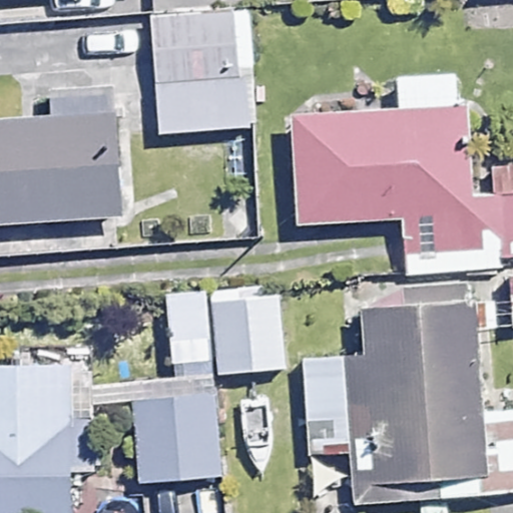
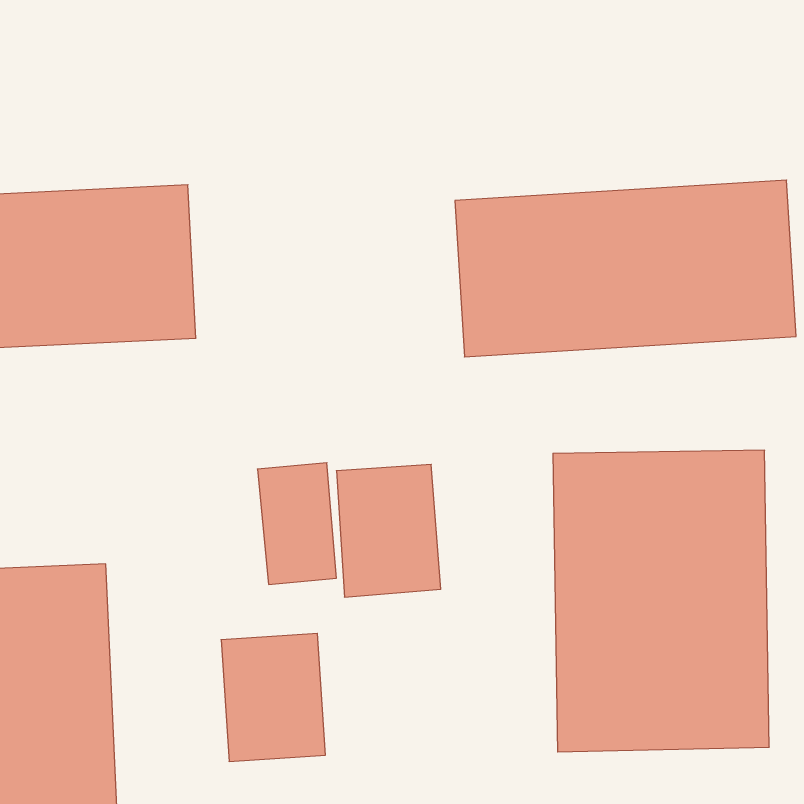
building: [150,9,247,125] -> none

